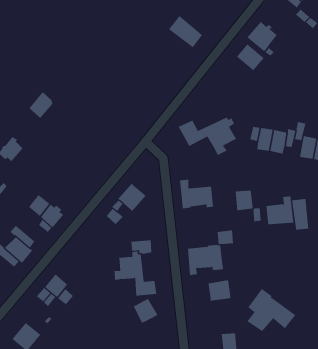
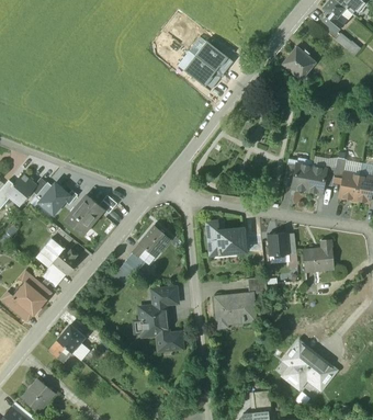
building: none -> [183,55,222,90]
building: [236,43,265,71] -> none
building: [28,91,53,119] -> [39,183,67,214]
building: [178,117,237,156] -> none
building: none -> [65,195,103,235]
building: [292,198,309,230] -> none
building: [208,279,231,301] -> none
building: [133,298,158,323] -> none

